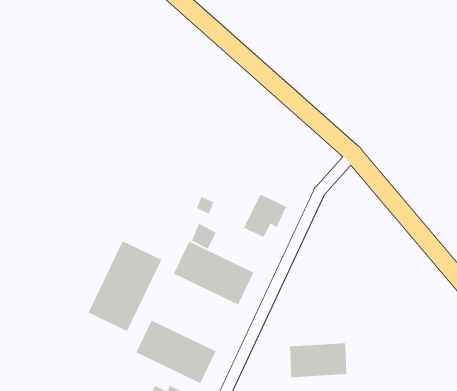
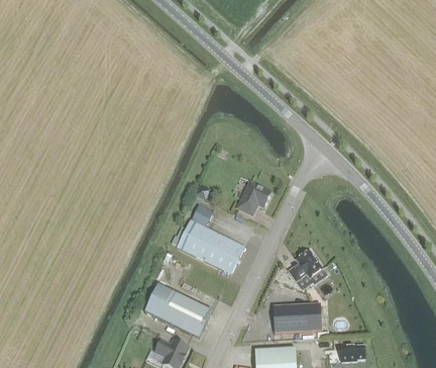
building: [88,240,162,332] -> none
building: none -> [287,248,323,281]

